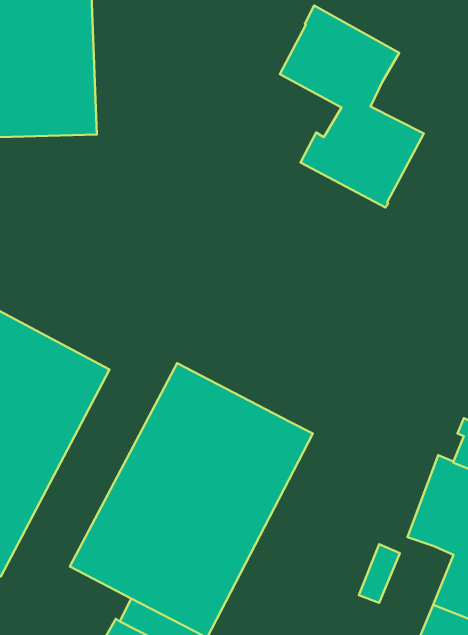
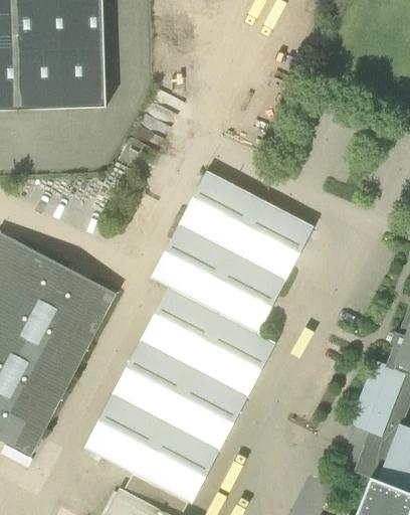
building: [280,6,424,208] -> none
building: none -> [151,170,314,333]
building: [359,544,400,603] -> [354,431,386,477]

